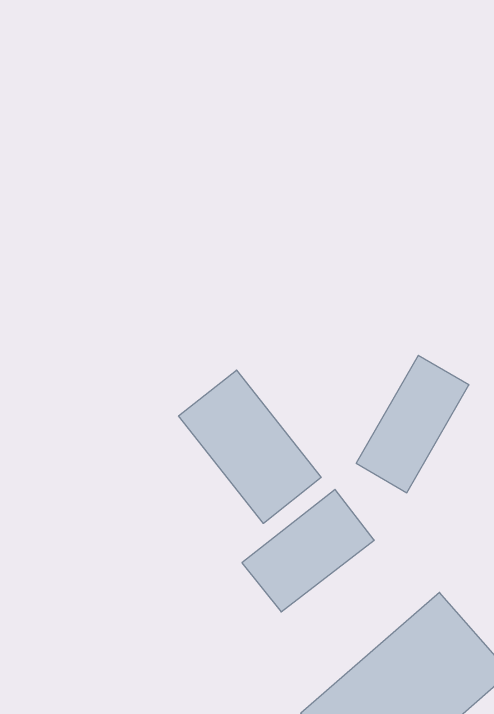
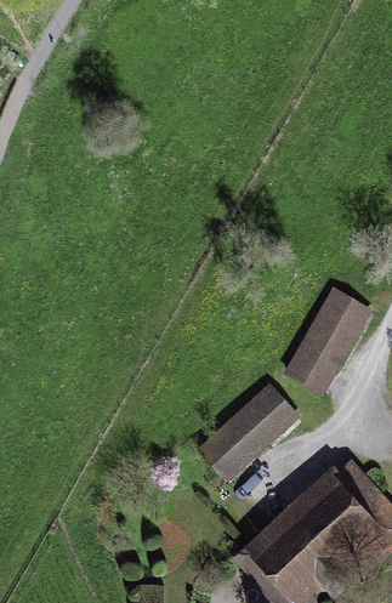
building: [179,370,321,523] -> none

